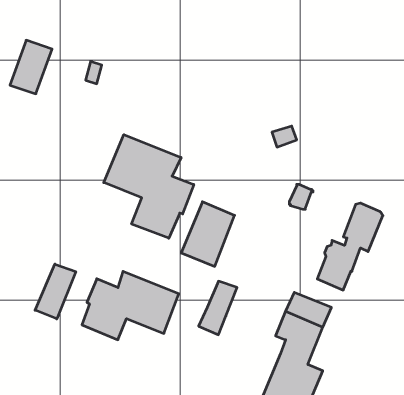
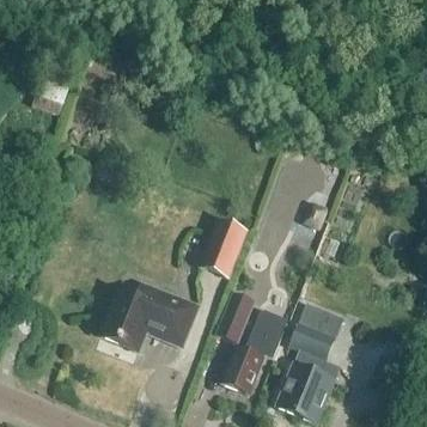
building: [104,135,194,238] -> none
building: [317,203,383,290] -> [224,310,287,394]
building: [35,264,76,319] -> none

